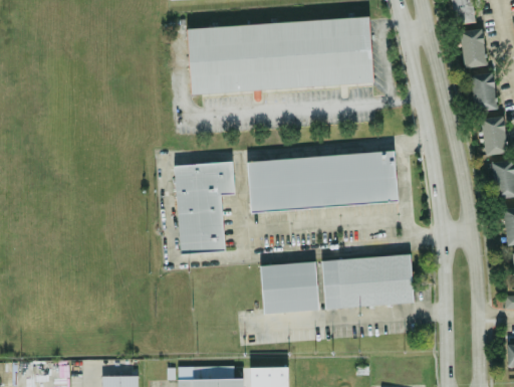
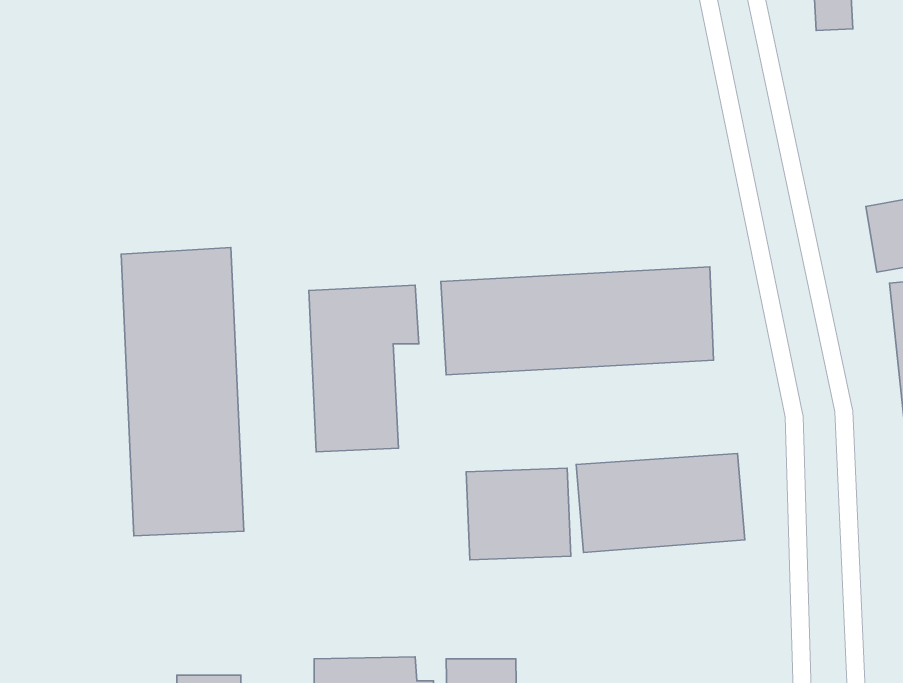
building: [187,18,372,92] -> none
building: [458,28,486,67] -> none
building: [471,72,495,107] -> none
building: none -> [121,248,244,536]

